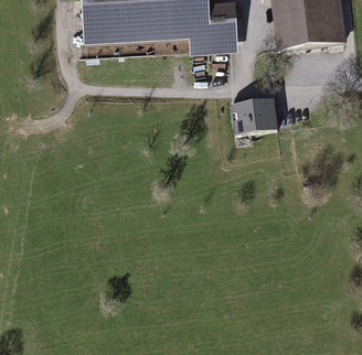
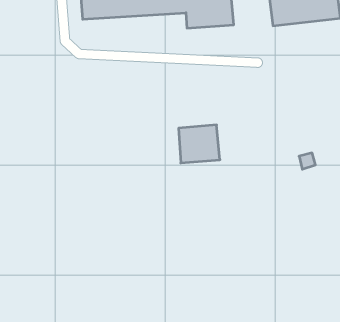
building: [234,98,276,137] -> [179,125,220,163]

